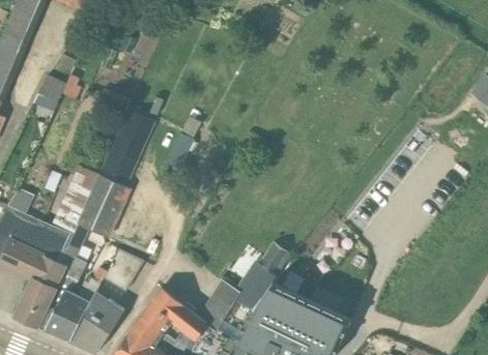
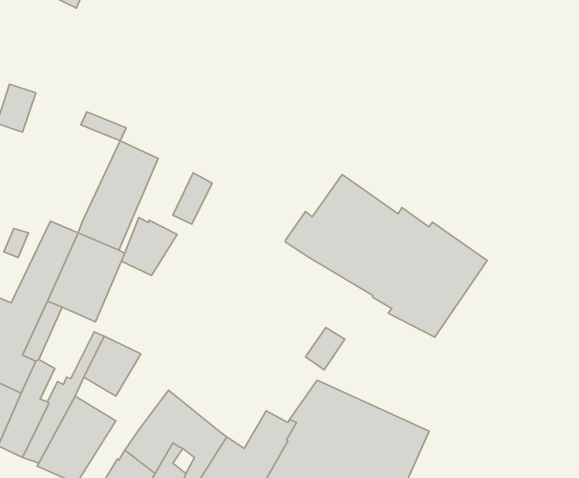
building: none -> [285,175,487,337]
building: none -> [122,217,177,276]
building: [199,280,257,329] -> none

